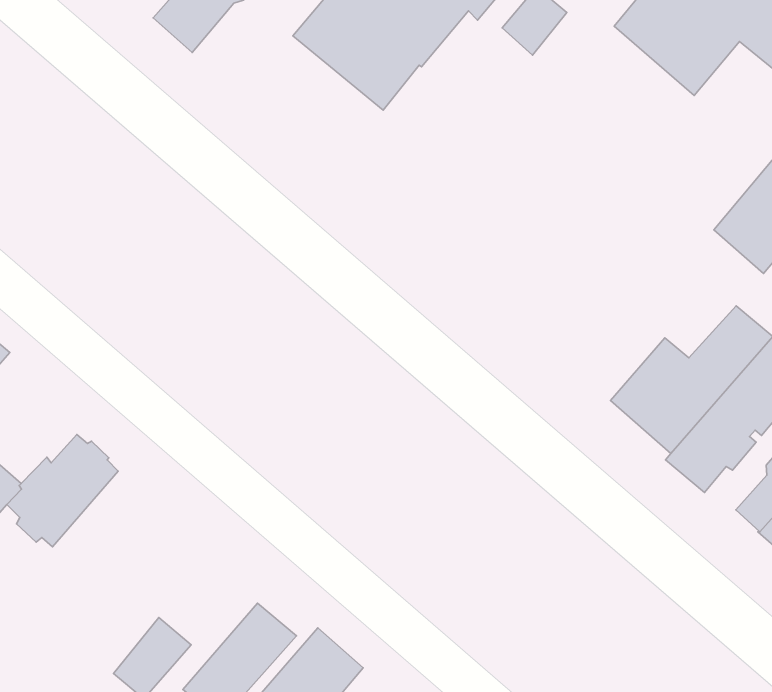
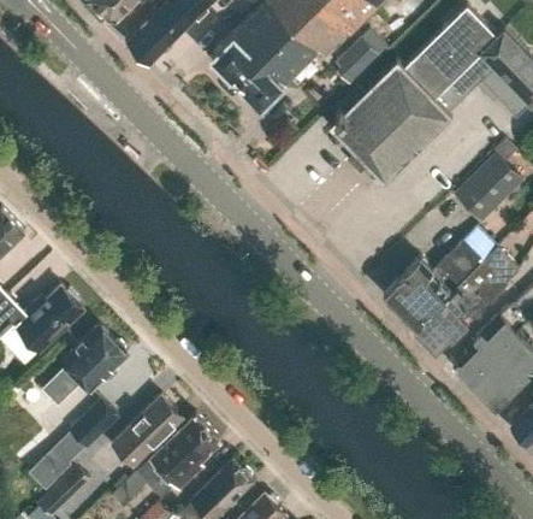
building: none -> [330,60,454,183]
building: none -> [40,325,128,405]

